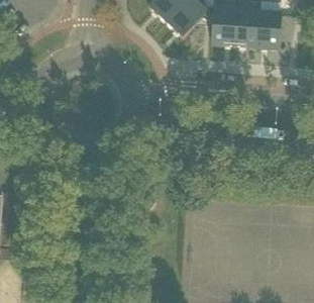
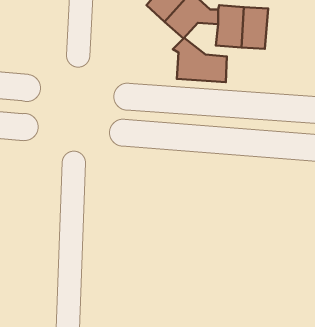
building: [256,9,282,47] -> none
building: none -> [173,38,227,82]

